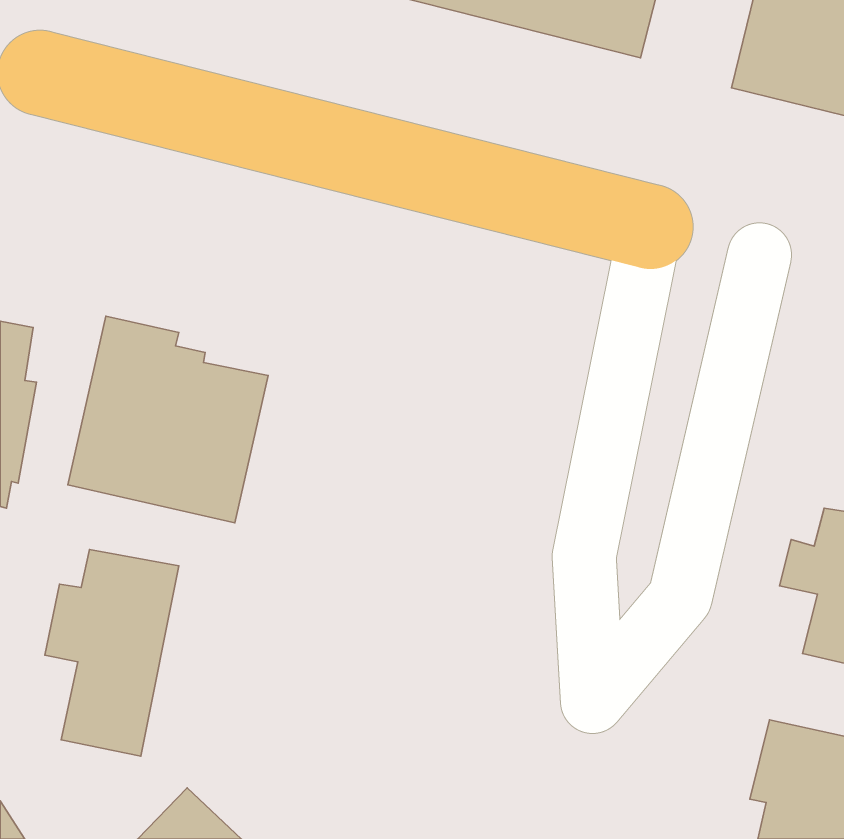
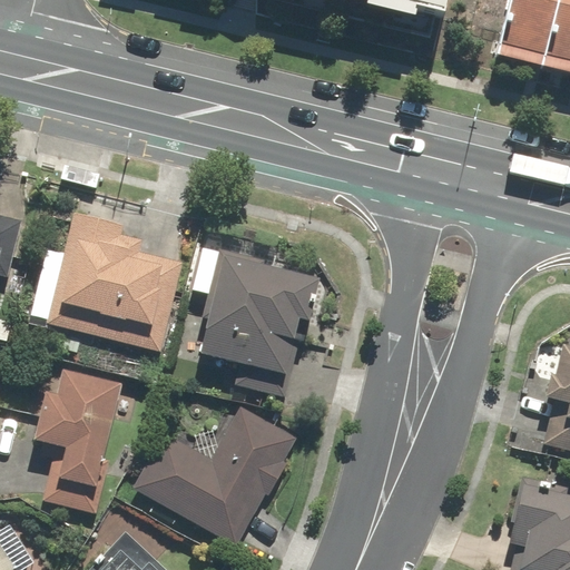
building: none -> [186,244,320,397]
building: none -> [134,404,296,544]

